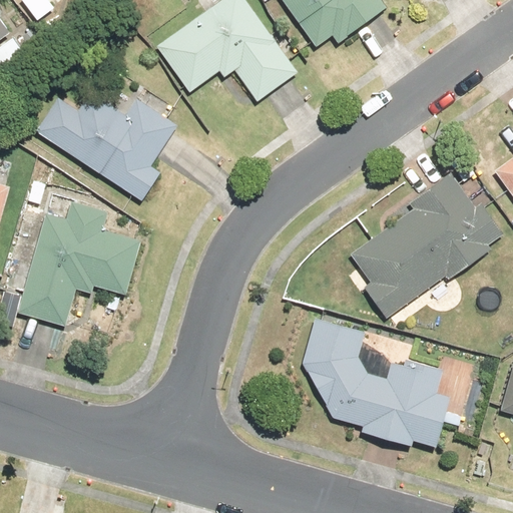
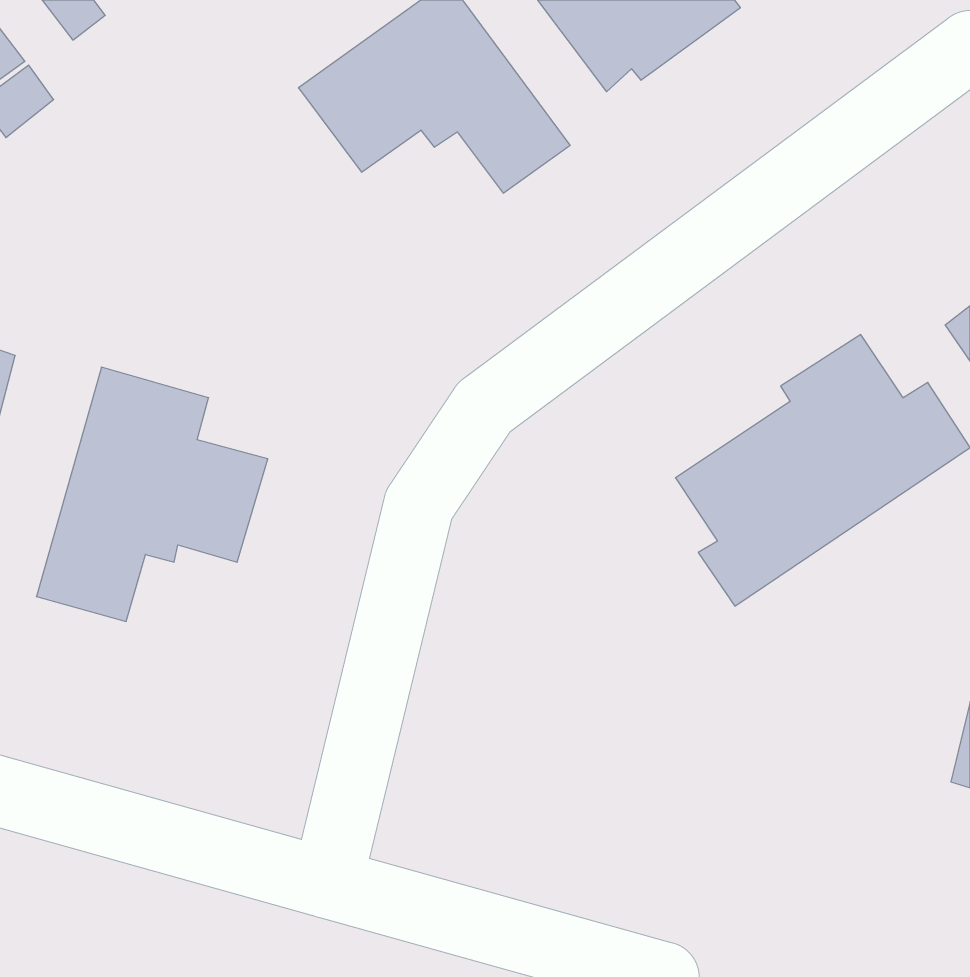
building: [35,93,176,199] -> none
building: [301,318,453,450] -> none

